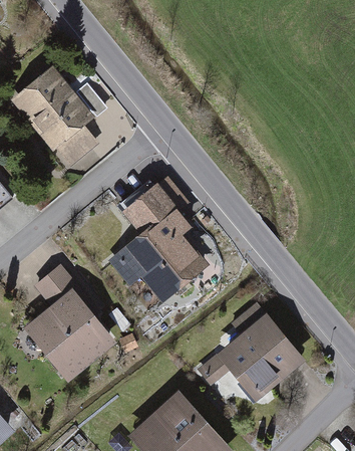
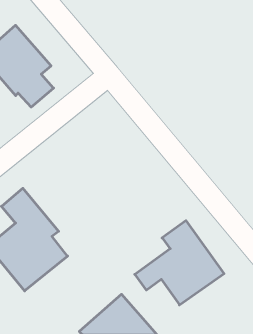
building: [93,186,209,311] -> none

